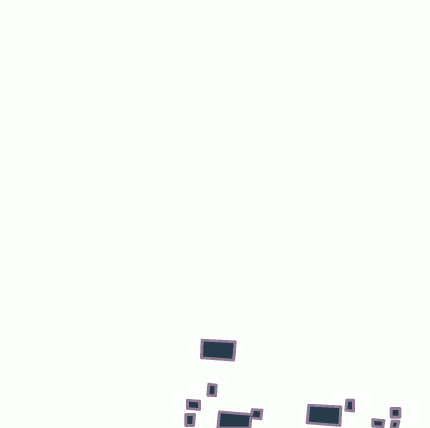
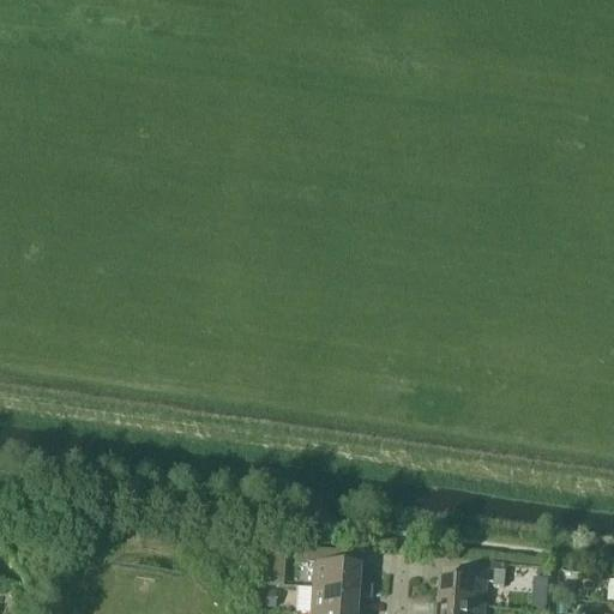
building: [201,340,235,360] -> [313,561,361,590]

